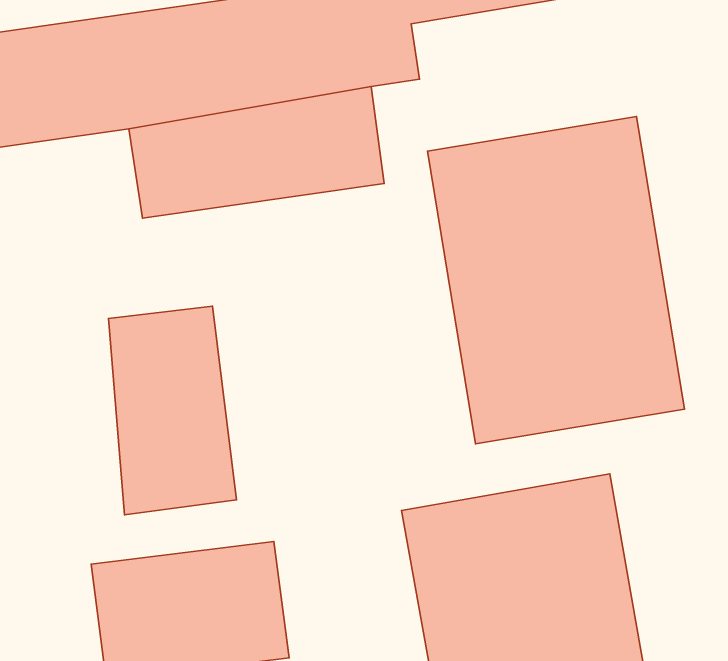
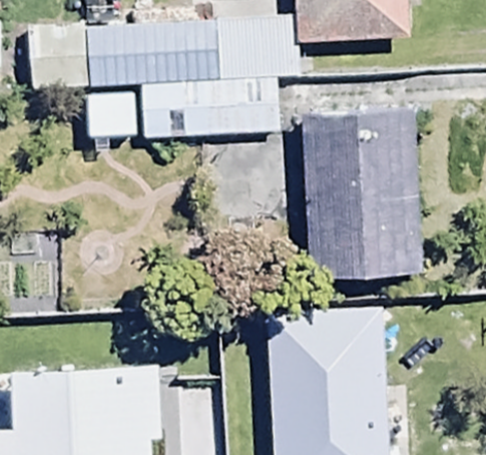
building: [108,306,236,515] -> none

